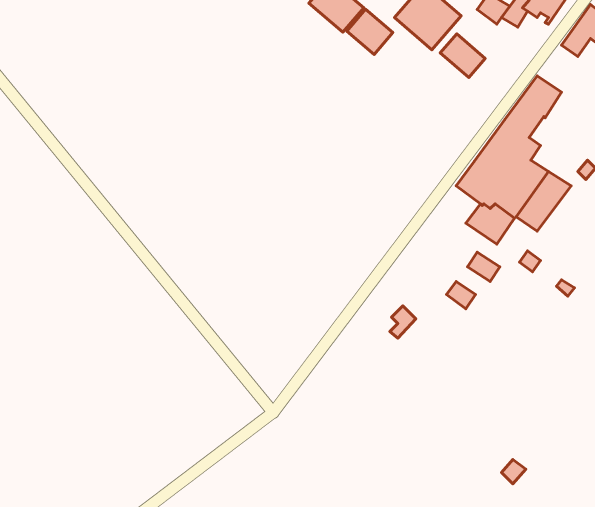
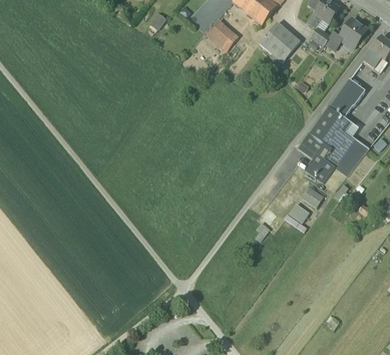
building: [347,9,393,55] -> none
building: [440,34,485,78] -> none

